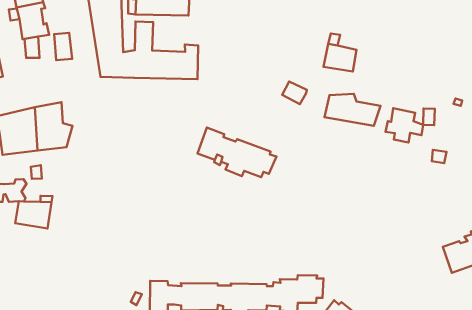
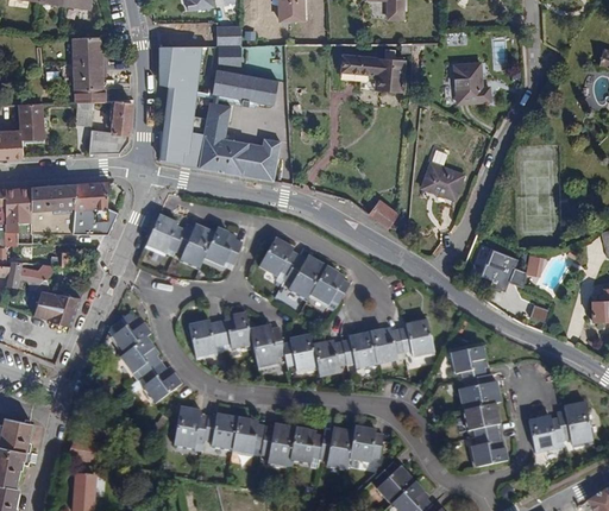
building: none -> [89,130,130,153]
building: [325,94,380,126] -> none
building: none -> [146,215,243,269]
building: none -> [189,313,434,377]
building: none -> [451,346,508,467]
building: none -> [111,311,182,404]

